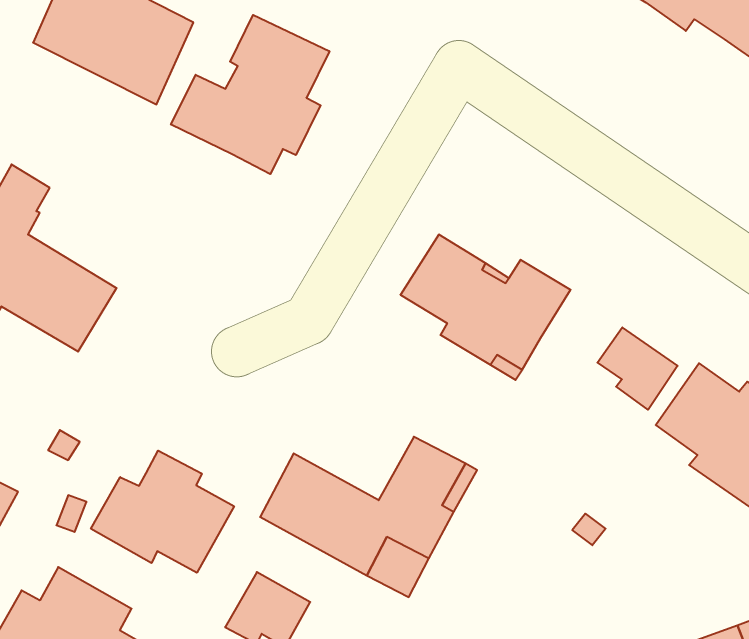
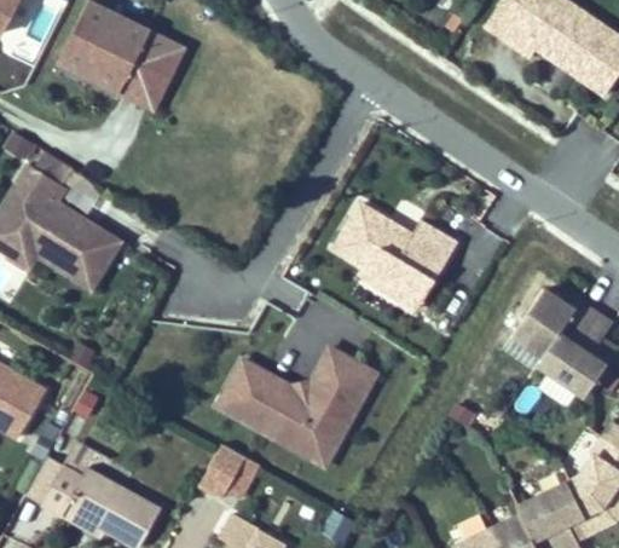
building: [171,15,329,174] -> none
building: [597,327,678,410] -> none
building: [91,451,234,573] -> none

